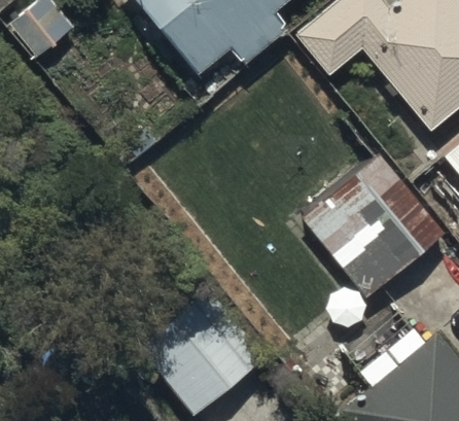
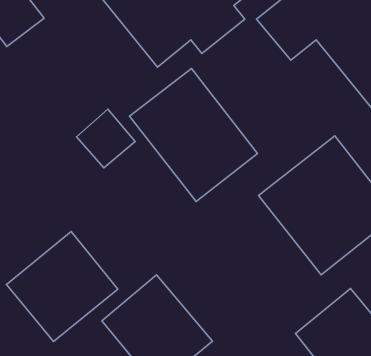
building: none -> [130,68,257,202]
building: none -> [7,231,118,342]

